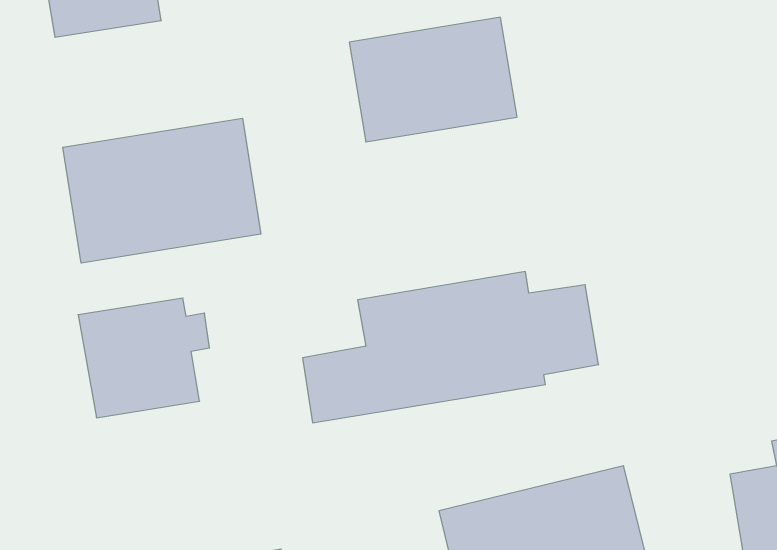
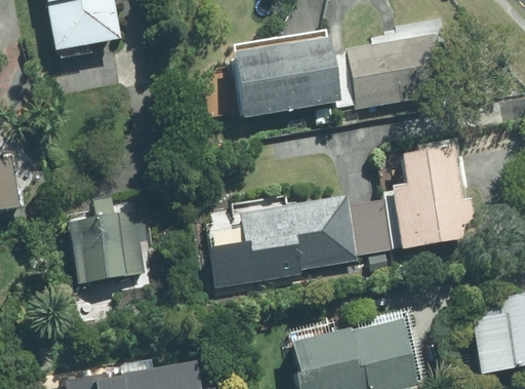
building: none -> [347,34,446,107]
building: [63,118,261,263] -> none
building: none -> [394,144,474,247]

